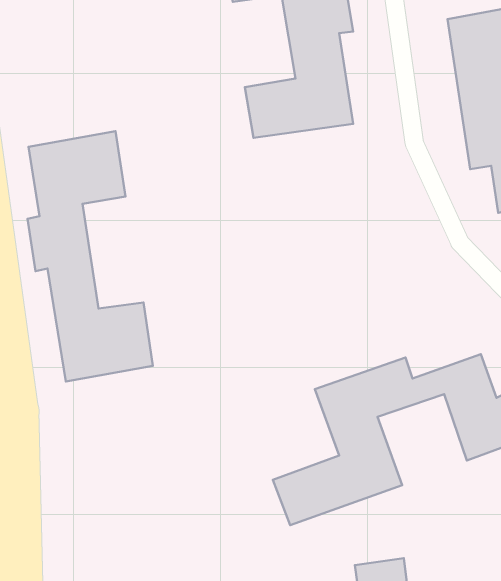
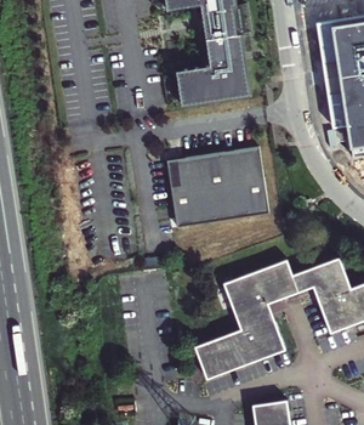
building: [27,131,153,382] -> none
building: none -> [169,146,271,227]

